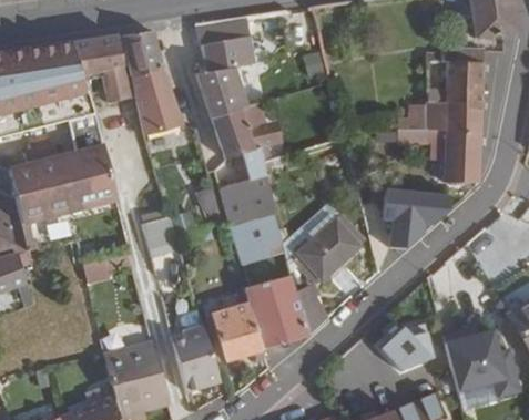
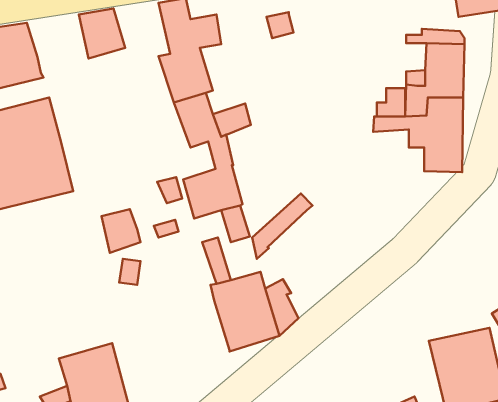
building: [72,34,130,102] -> none
building: [130,65,182,135] -> none
building: [385,188,451,249] -> none
building: [297,217,359,279] -> none
building: [210,301,262,360] -> none
building: [172,324,220,391] -> none
building: [389,330,433,368] -> none

